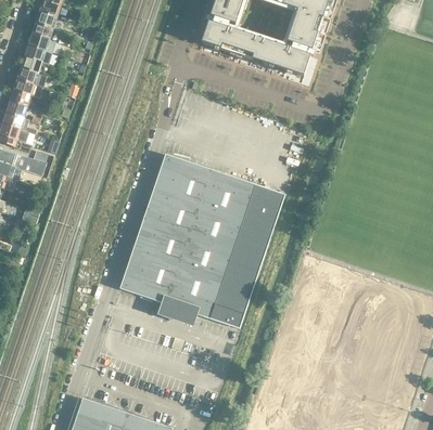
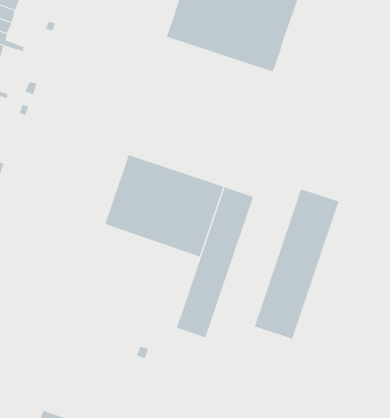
building: none -> [254,188,339,339]
building: [119,221,233,321] -> none

